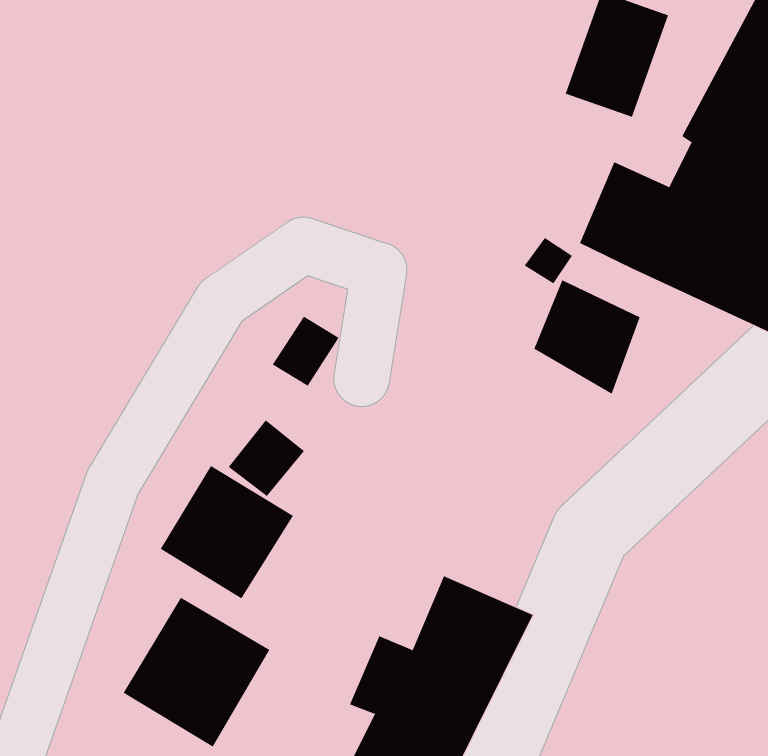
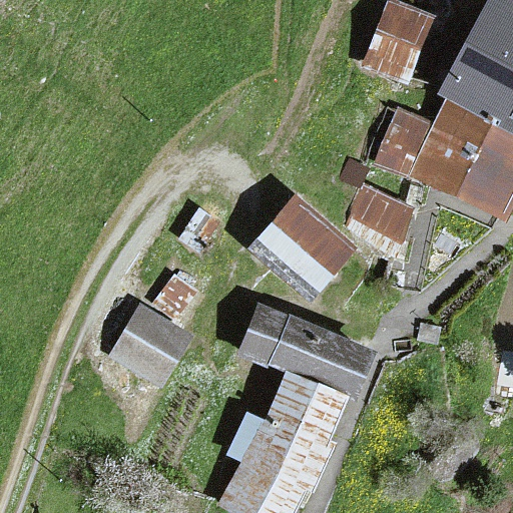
building: none -> [256,197,352,293]
building: none -> [246,307,372,393]
building: [123,597,270,747] -> none

